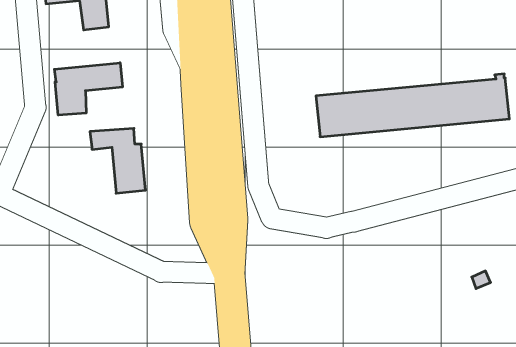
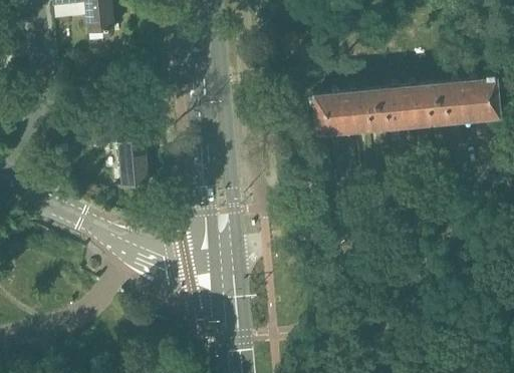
building: [54,63,122,115] -> none

